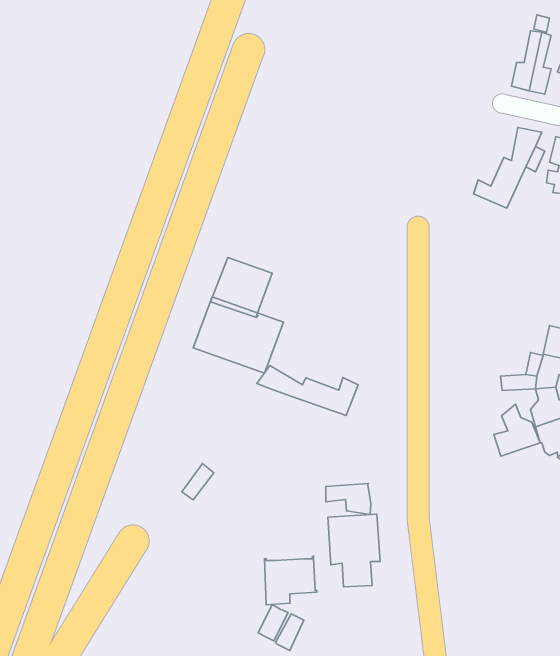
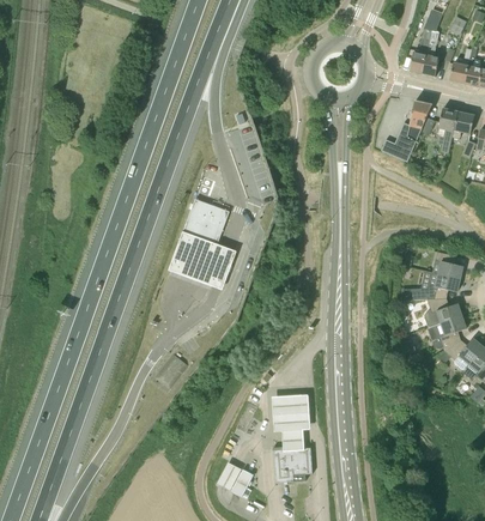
building: [257,365,358,416] -> none
building: [494,404,540,456] -> none
building: [326,484,371,515] -> none
building: [264,556,317,605] -> [274,446,314,483]

